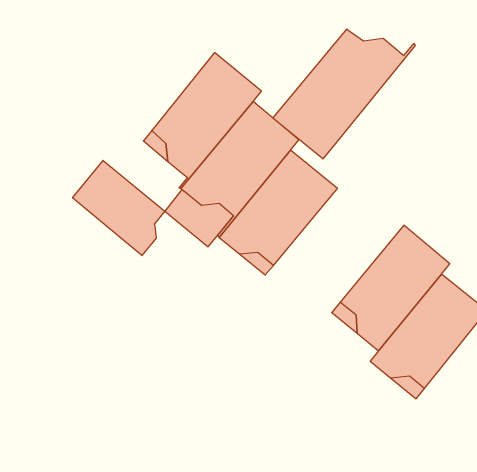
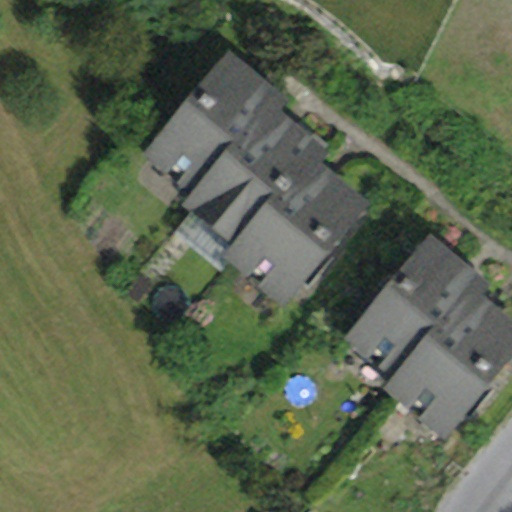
building: [273,29,415,159] -> none
building: [73,160,165,256] -> none

